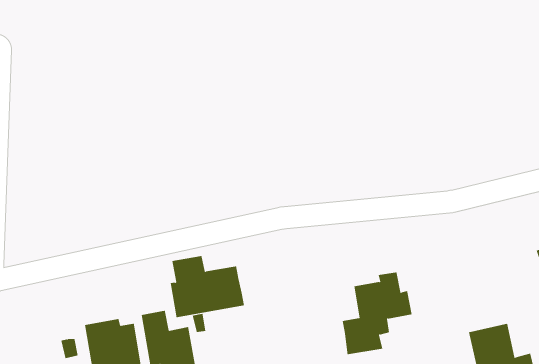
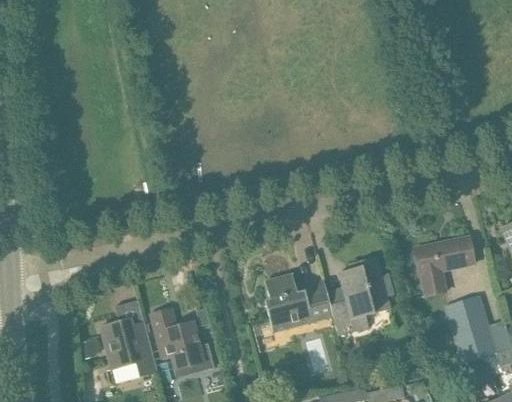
building: [170,255,245,318] -> [265,273,334,331]
building: none -> [415,236,475,295]

